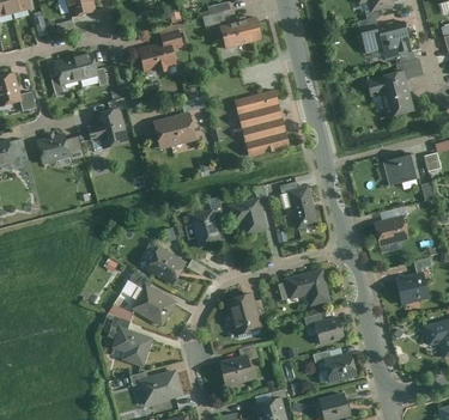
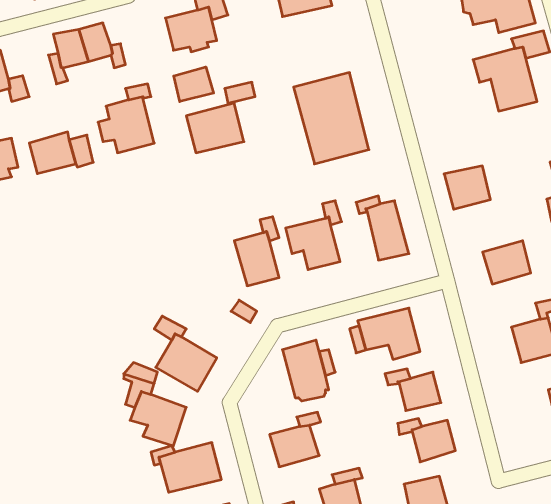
building: none -> [174,67,214,102]
building: [383,156,418,188] -> [444,166,490,209]
building: [144,246,186,287] -> none

